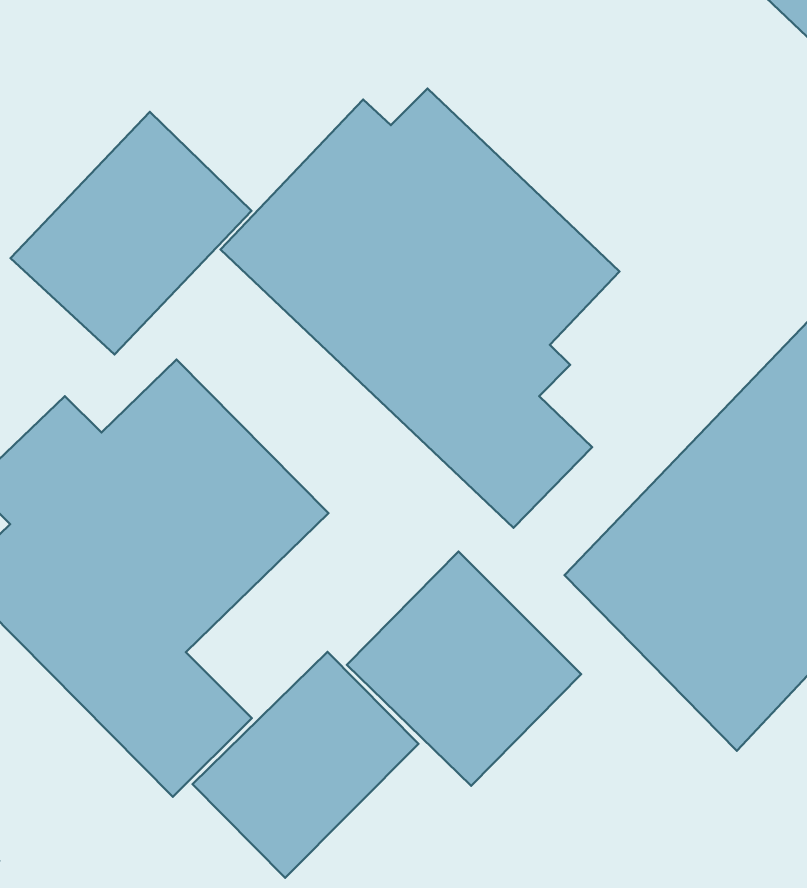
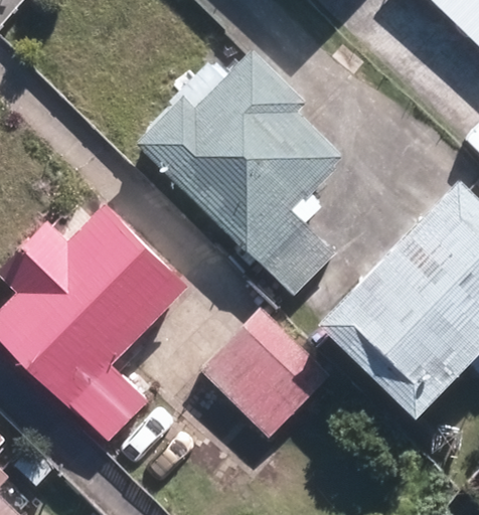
building: [10,112,252,355] -> none
building: [193,652,419,878] -> none

